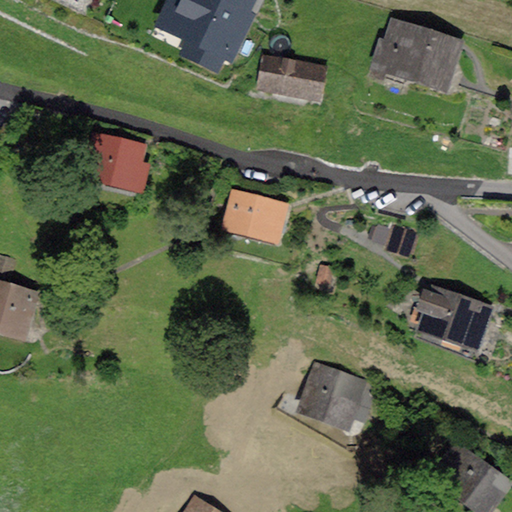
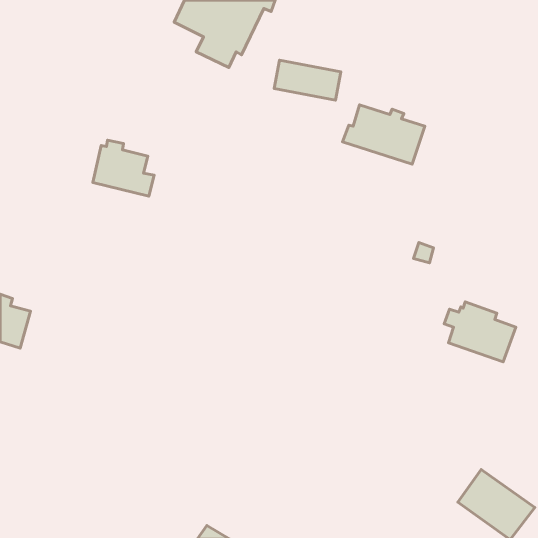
building: [378,26,456,82] -> [342,105,425,164]
building: [231,194,285,237] -> none
building: [308,369,376,420] -> none

